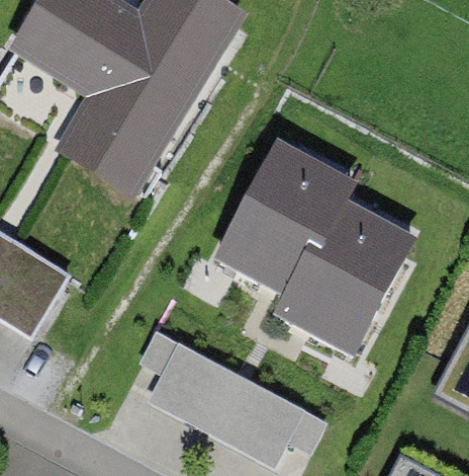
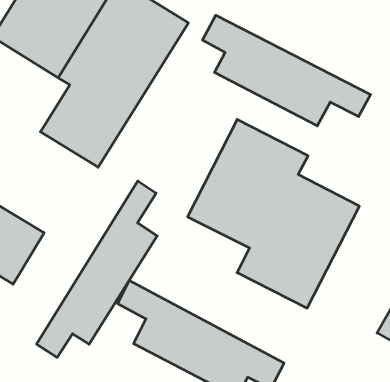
building: none -> [203,15,371,126]
building: none -> [37,181,157,357]

